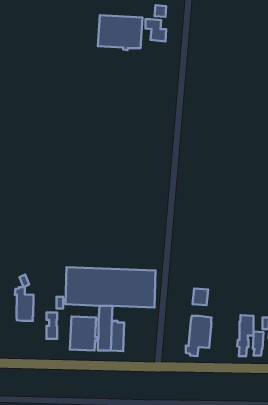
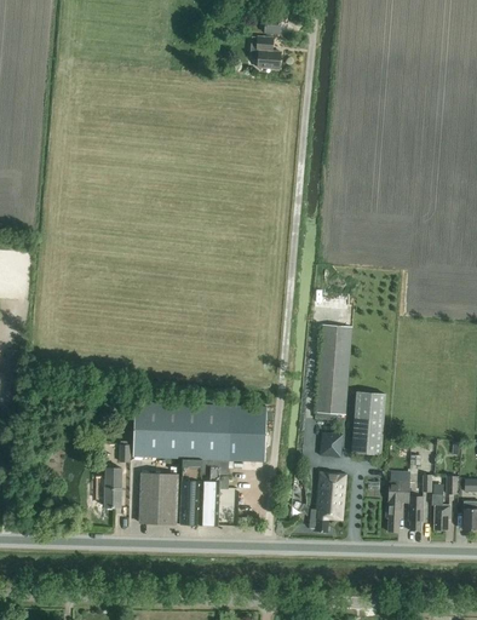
building: [98,15,142,50] -> none
building: none -> [315,325,351,419]
building: none -> [351,391,386,454]
building: [15,287,33,321] -> none

